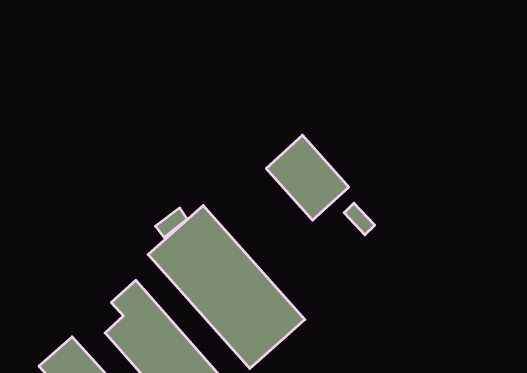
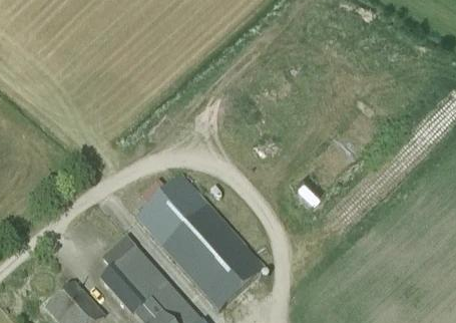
building: [266,135,349,220] -> none

